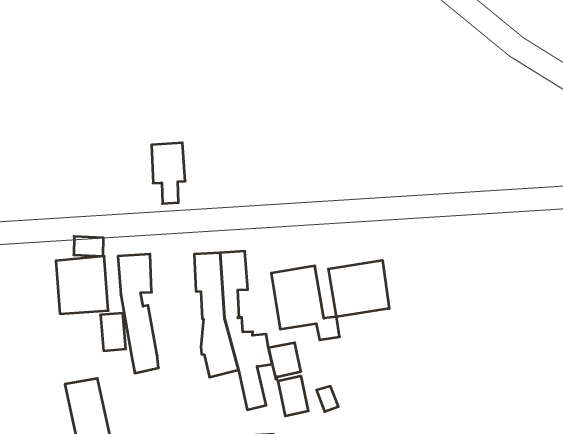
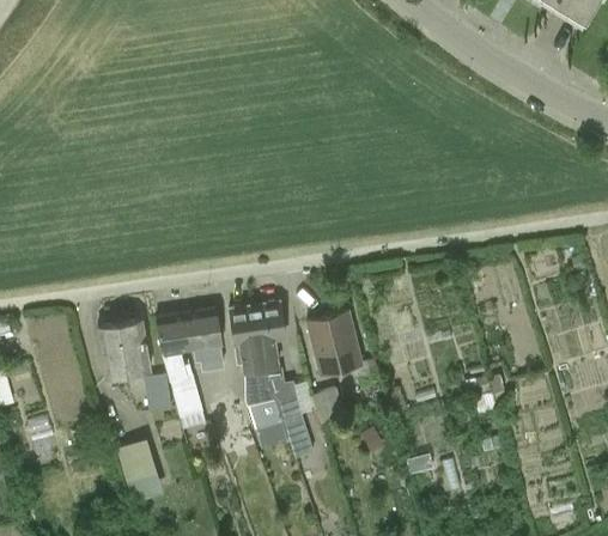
building: [152,143,185,204] -> [187,310,223,371]
building: [328,260,389,317] -> none
building: [278,376,308,416] -> none

